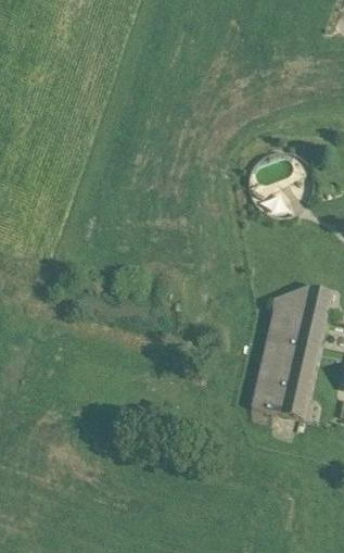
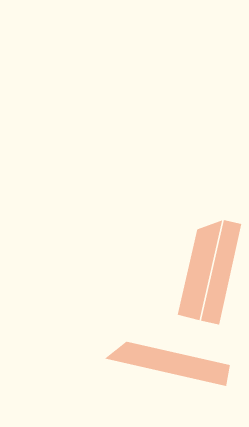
building: none -> [103,341,231,387]

